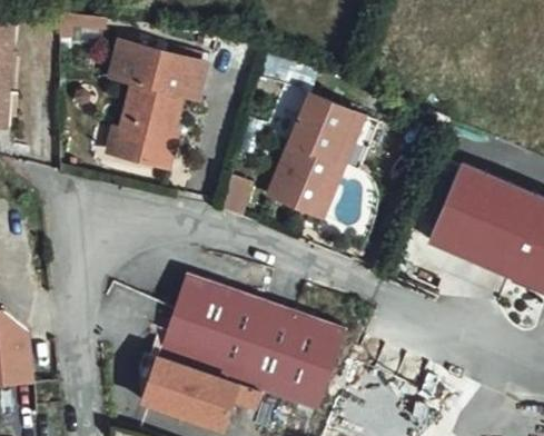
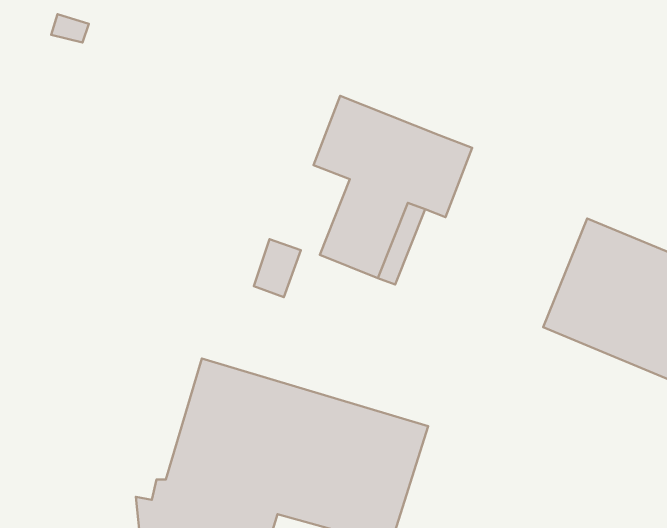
building: [106,41,205,168] -> none

